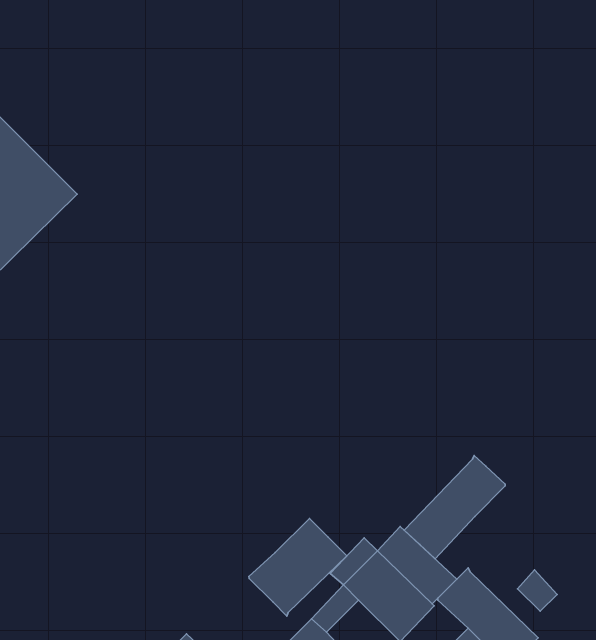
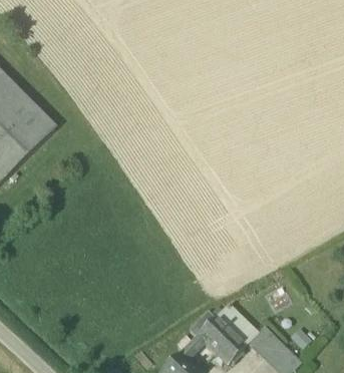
building: [404,455,505,559] -> none
building: [249,518,347,616] -> none

